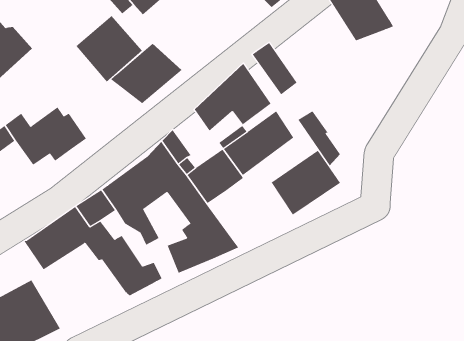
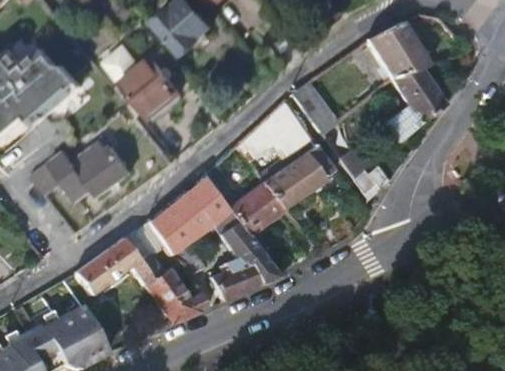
building: none -> [383,66,445,139]
building: [110,43,182,104] -> none
building: [271,150,341,215] -> none

